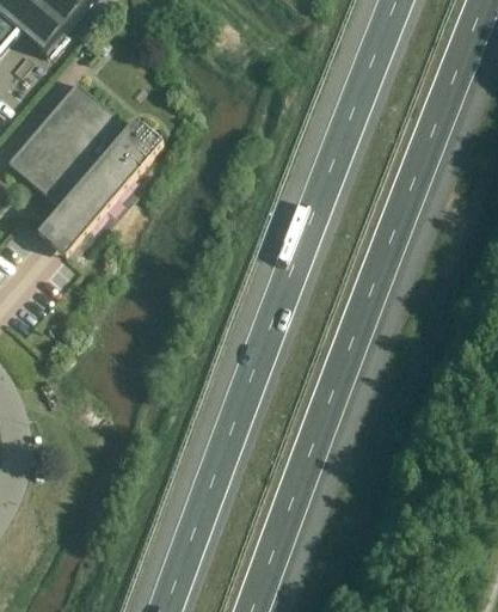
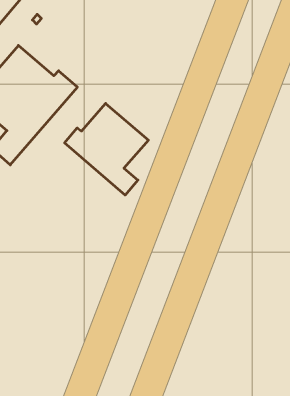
building: none -> [65,103,148,195]

